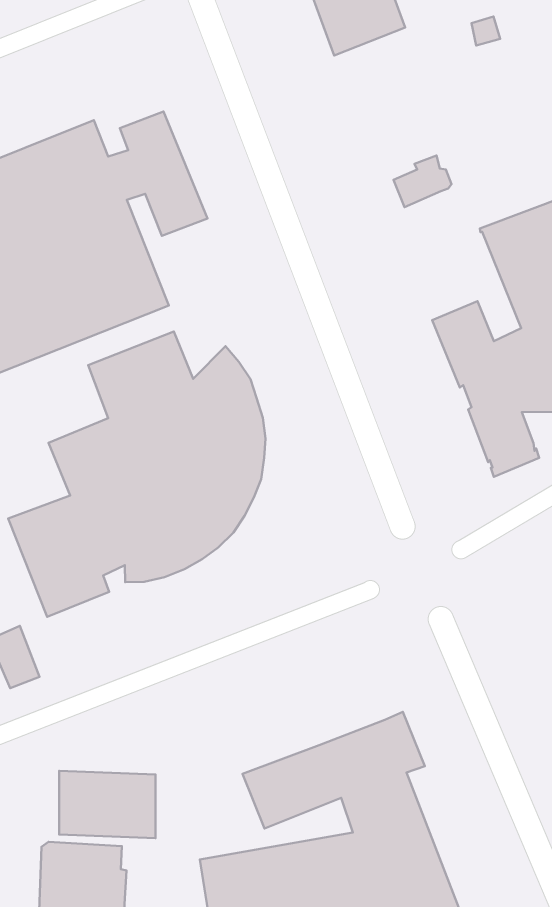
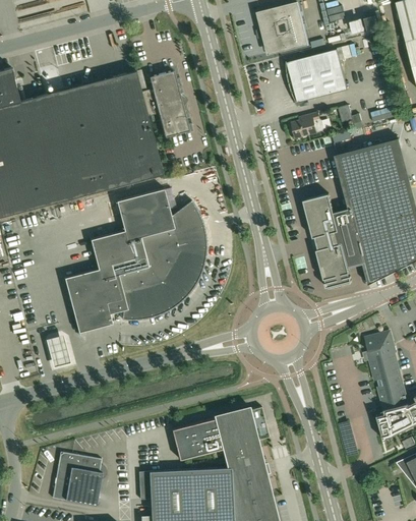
building: none -> [287,49,348,102]
building: [59,771,155,838] -> none

